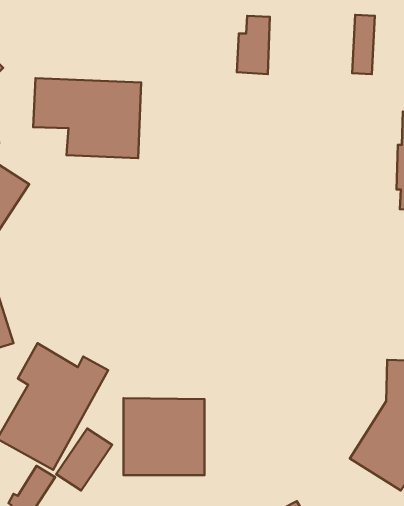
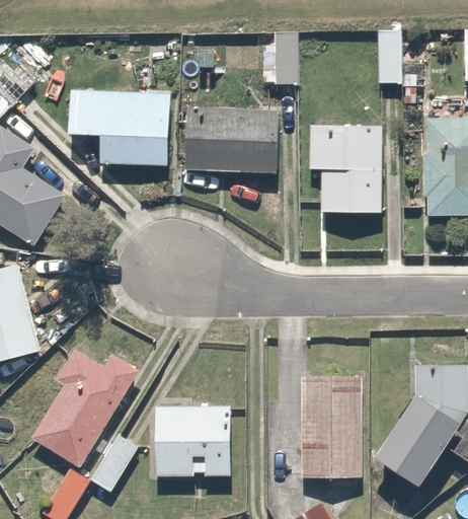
building: none -> [183,107,279,173]
building: none -> [309,125,383,213]
building: none -> [298,374,362,476]

